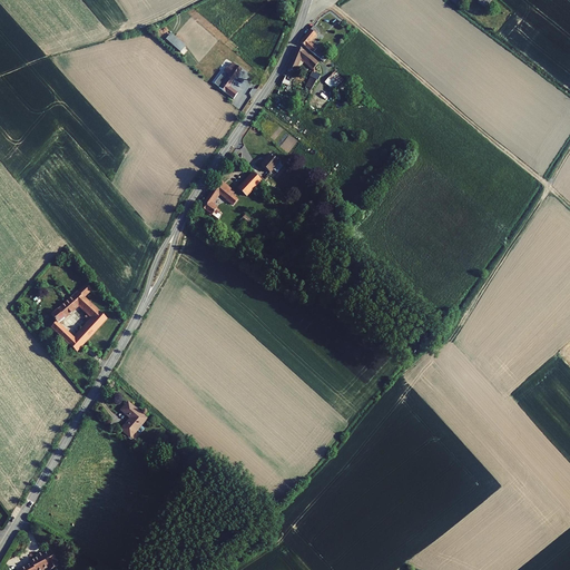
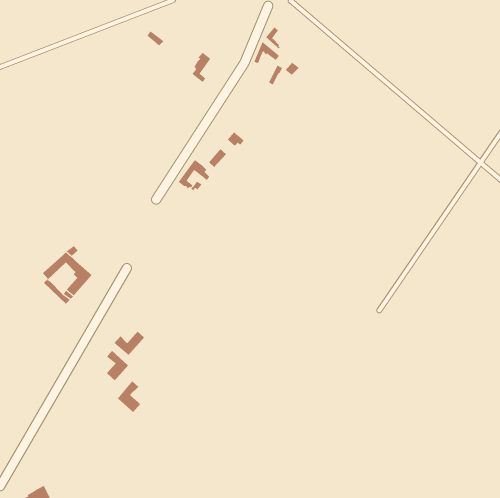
building: none -> [113,331,145,356]
building: none -> [117,381,141,413]

